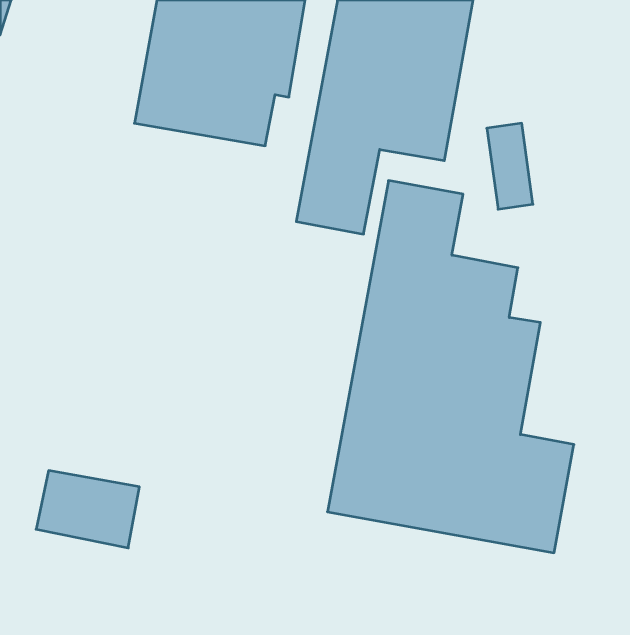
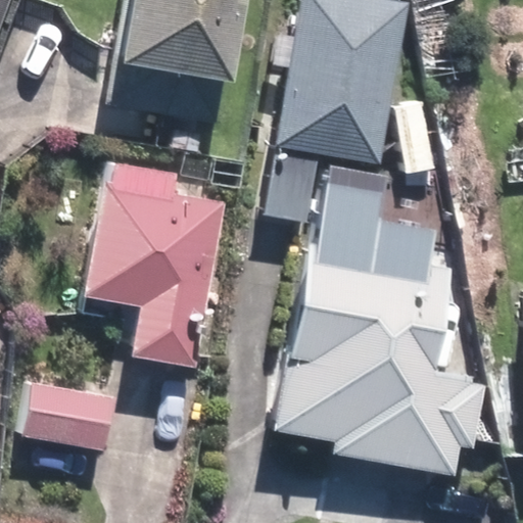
building: none -> [100,164,232,366]

